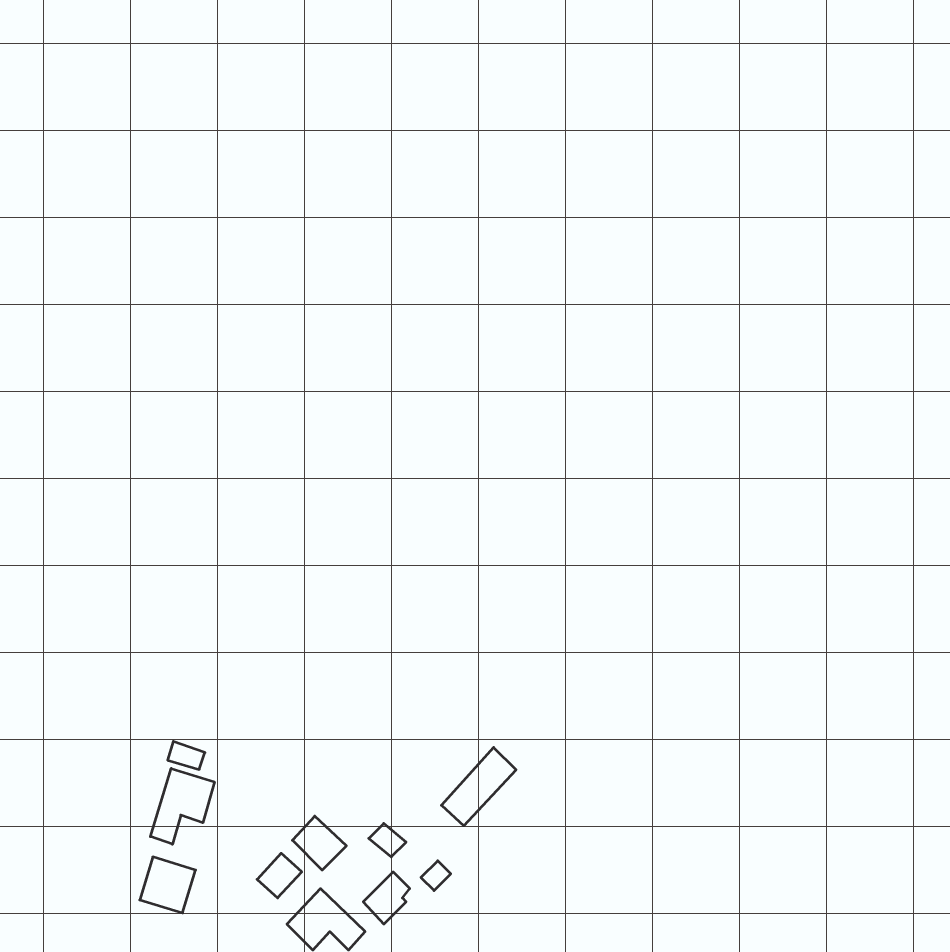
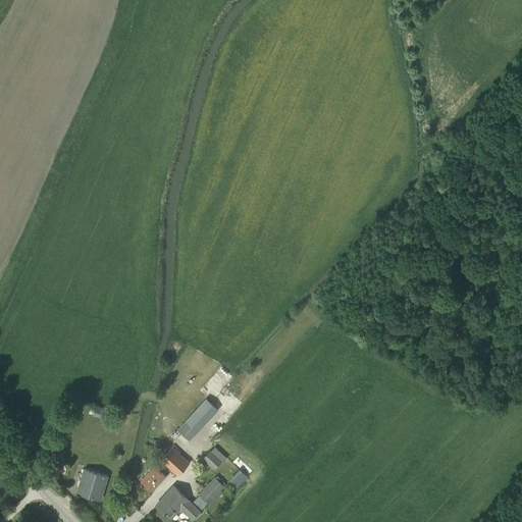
building: [441,747,516,826] -> [178,398,219,440]
building: [150,768,214,844] -> none

